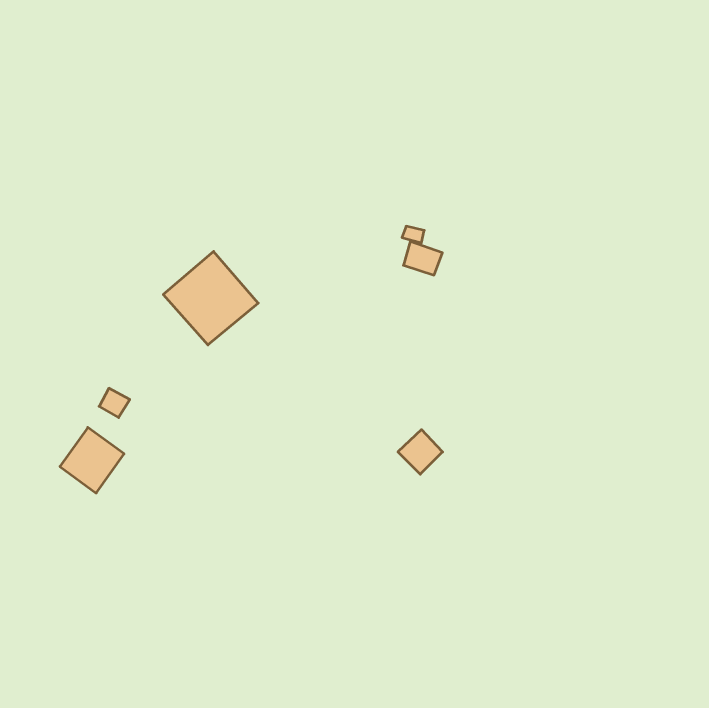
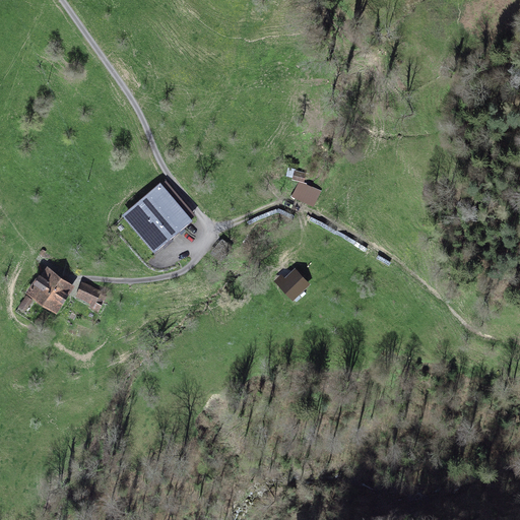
building: [60,427,124,493] -> [25,266,72,314]
building: [398,430,443,474] -> [278,269,311,302]

